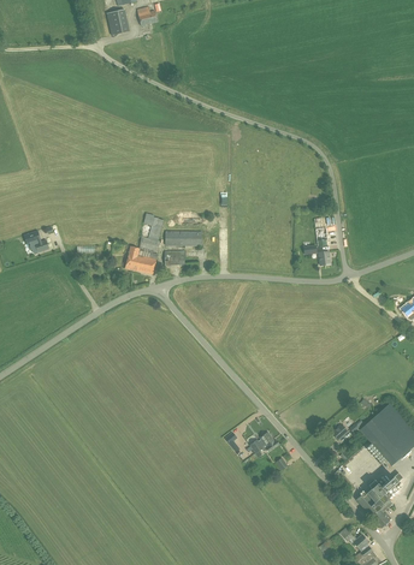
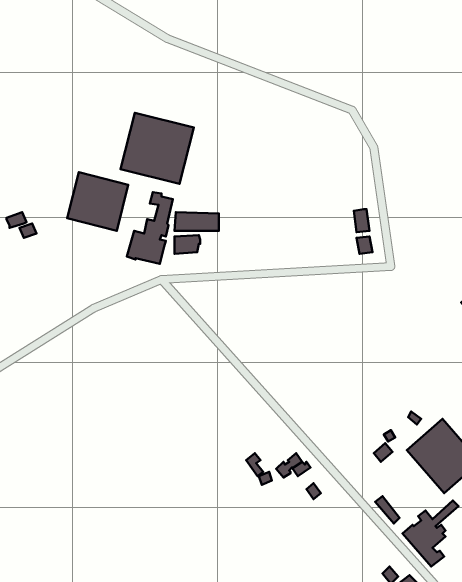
building: none -> [120,113,194,184]
building: none -> [67,172,128,231]

